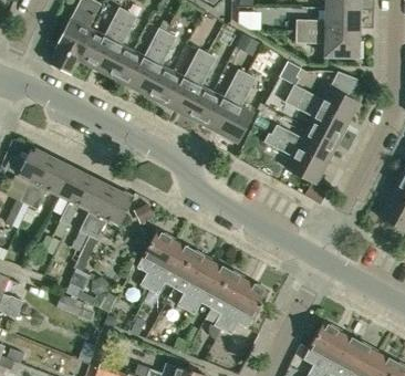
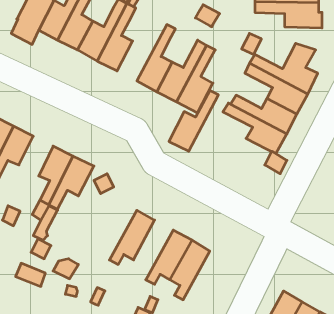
building: [157,50,207,111] -> [169,91,218,151]
building: [59,166,93,224] -> none
building: [136,229,177,290] -> none
building: [174,250,214,310] -> none
building: [224,281,269,335] -> none

